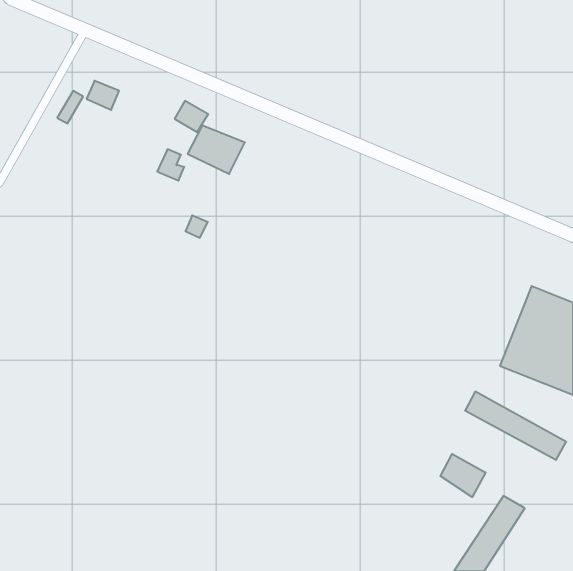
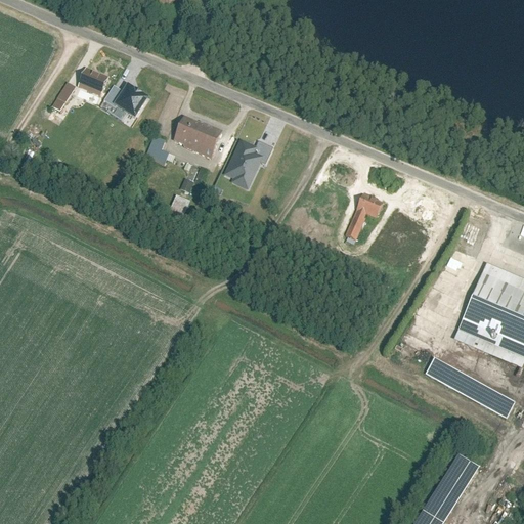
building: [175,101,208,132] -> [116,88,146,117]
building: none -> [225,142,273,184]
building: none -> [349,194,383,234]
building: [440,454,486,497] -> none

